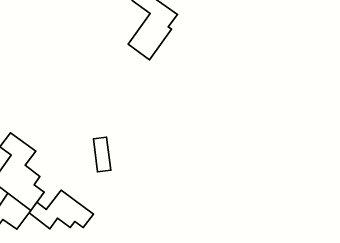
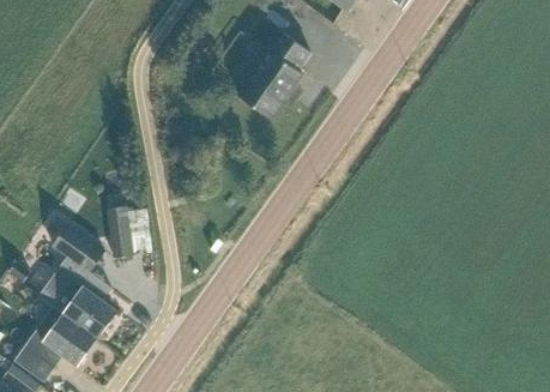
building: [93,137,111,172] -> [105,207,131,258]
building: [29,190,93,229] -> none

